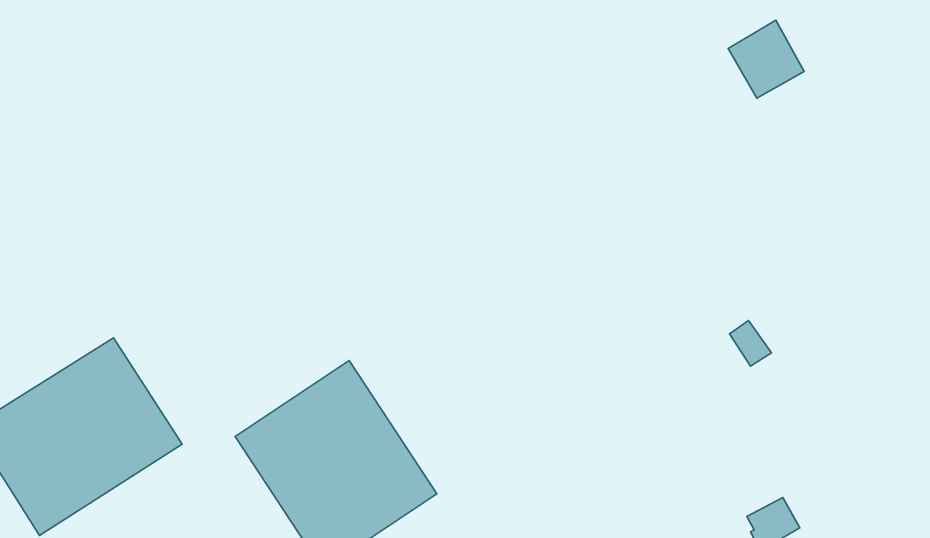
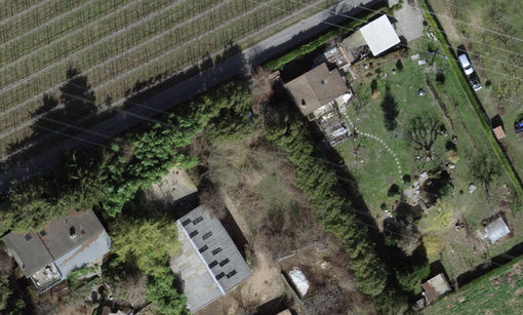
building: [728,20,804,98] -> [360,14,401,56]
building: none -> [286,68,347,118]

